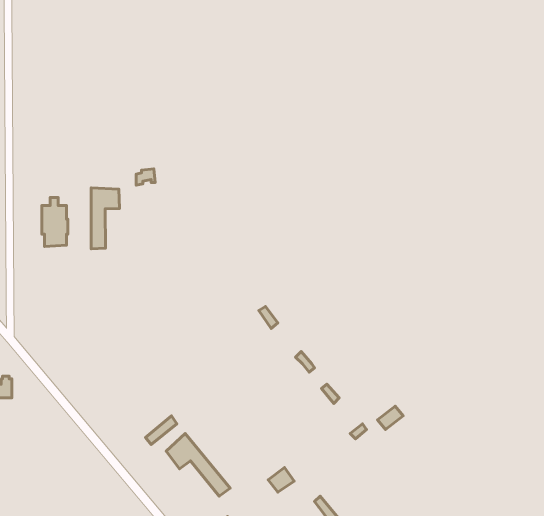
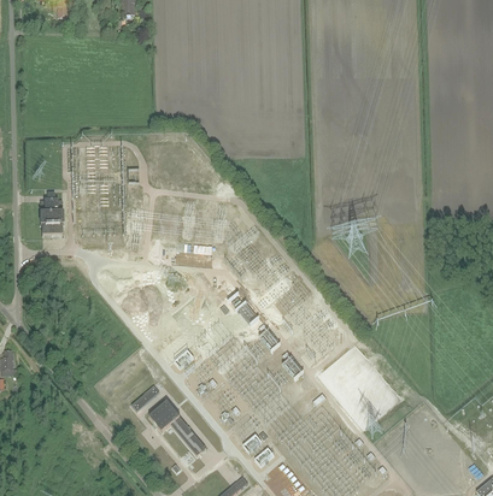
building: [91,188,120,249] -> none

